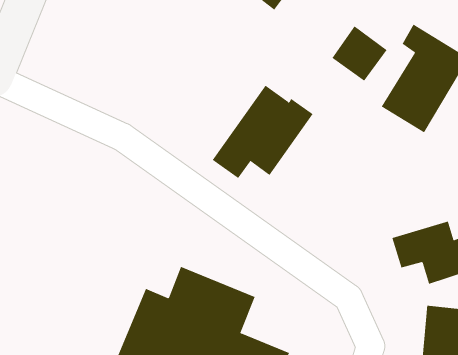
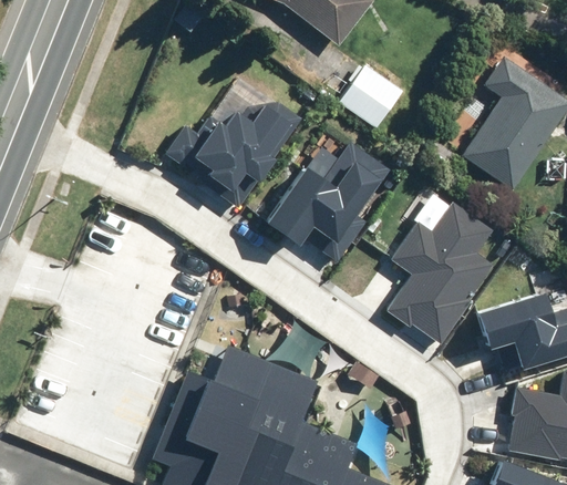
building: [331,26,387,82] -> [339,63,404,128]
building: none -> [167,76,296,193]
building: none -> [391,187,494,342]

